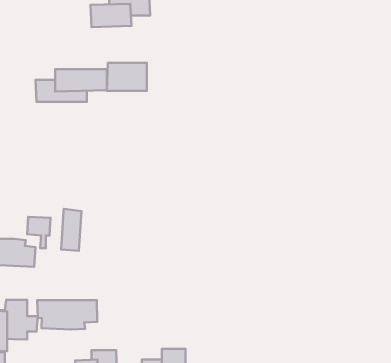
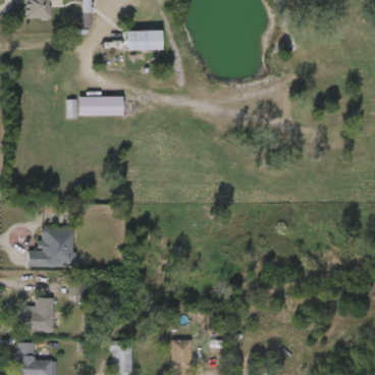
building: [107,63,147,91] -> none
building: [61,209,82,251] -> none
building: [37,300,97,329] -> none

